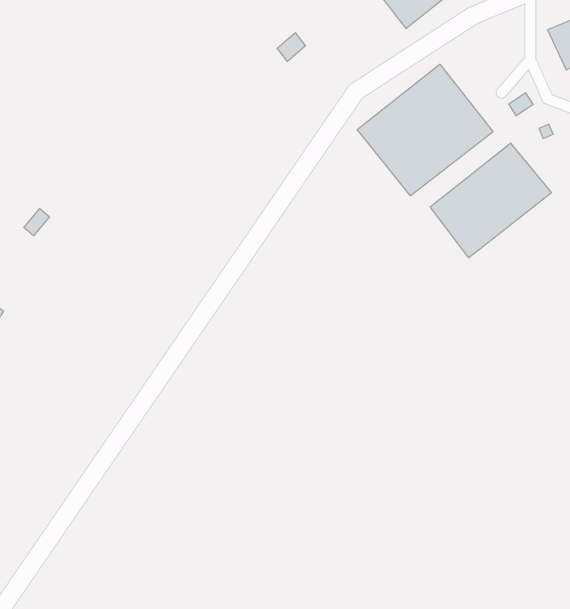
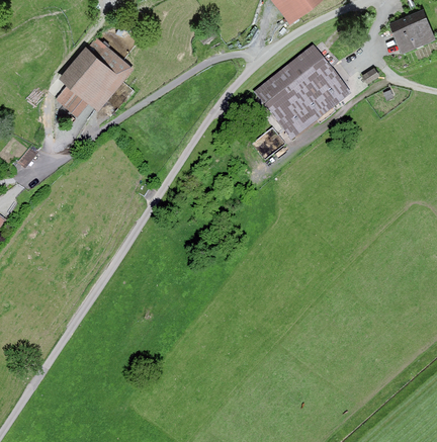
building: none -> [56,38,132,116]
building: [430,143,551,258] -> none

